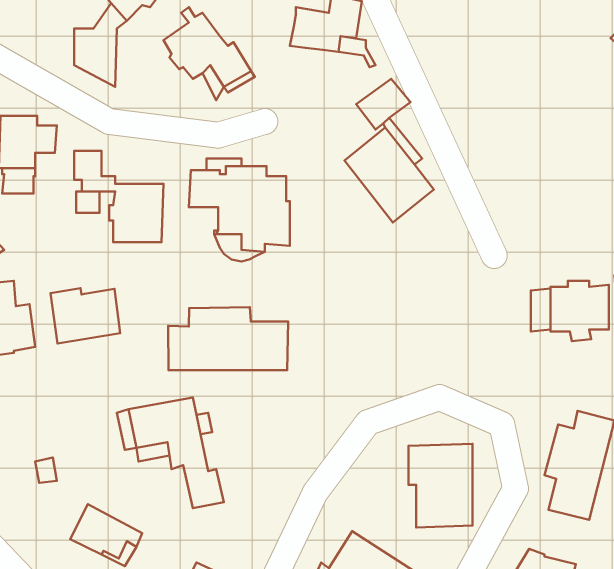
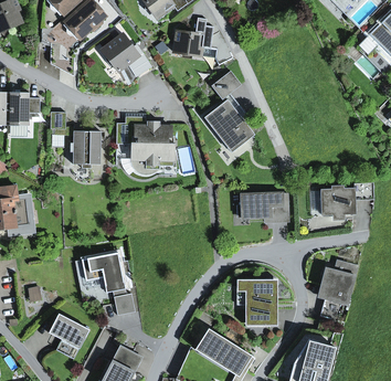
building: [51,288,120,344] -> none
building: none -> [241,192,289,222]
building: [168,307,288,370] -> none

